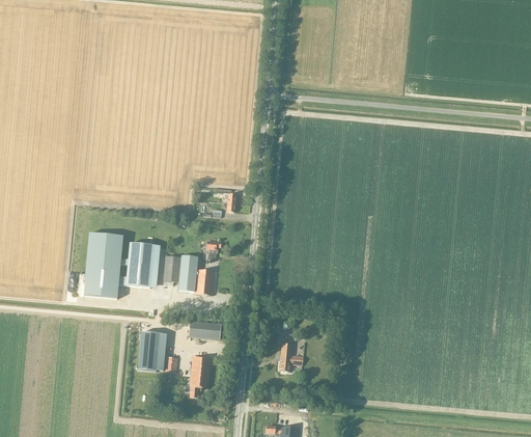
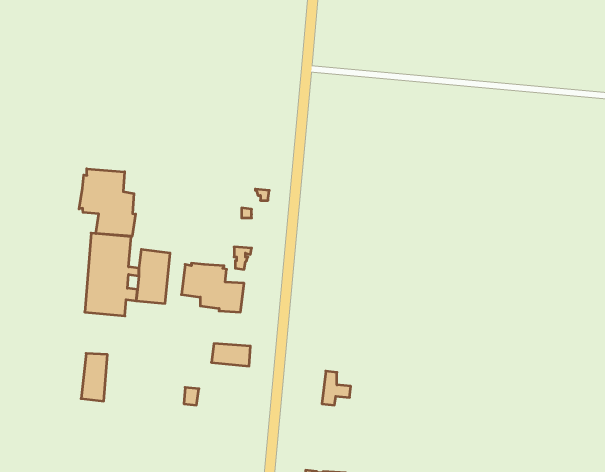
building: none -> [79,169,136,236]
building: [138,332,160,372] -> [81,353,107,401]
building: [191,355,212,398] -> none

